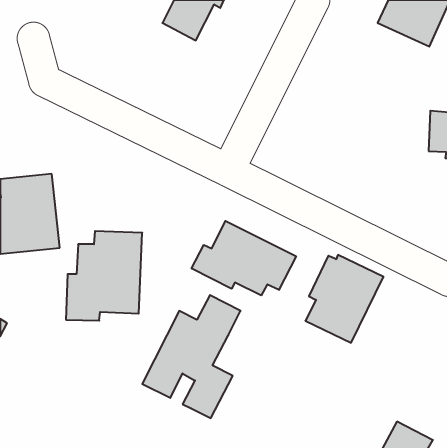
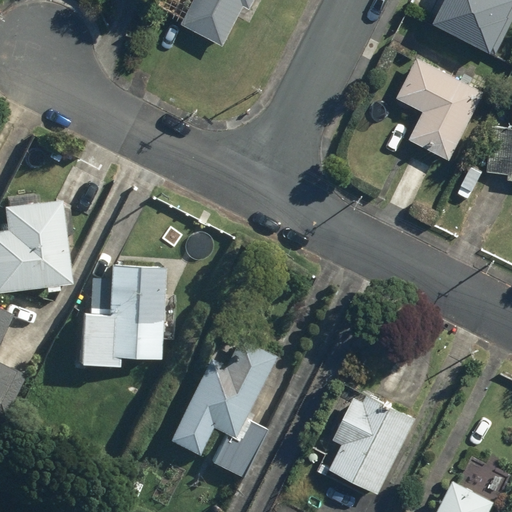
building: none -> [396,57,486,161]
building: [192,221,296,295] -> none
building: [305,255,384,343] -> [329,394,418,494]

